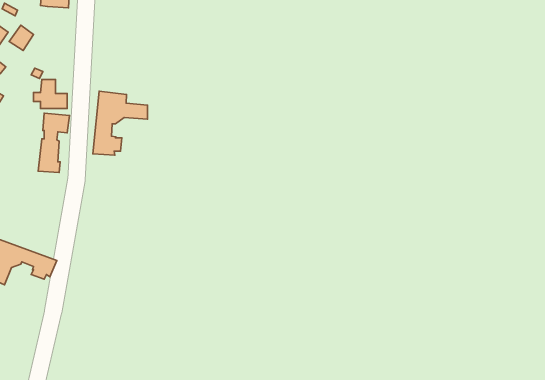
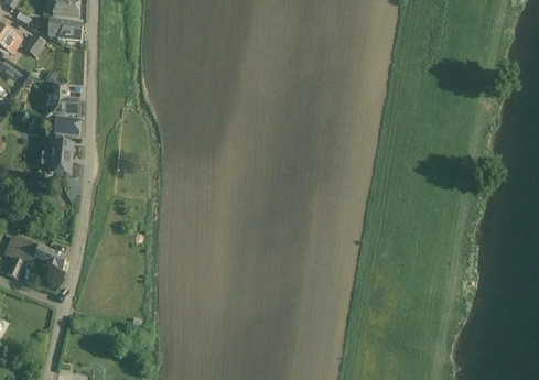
building: none -> [47,18,82,37]
building: [93,91,147,155] -> none

